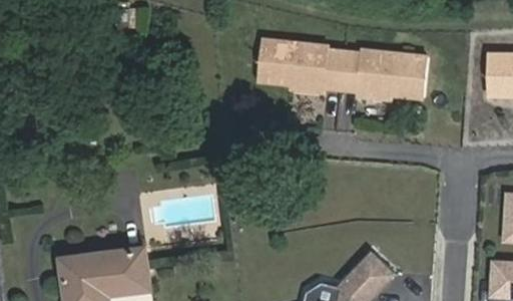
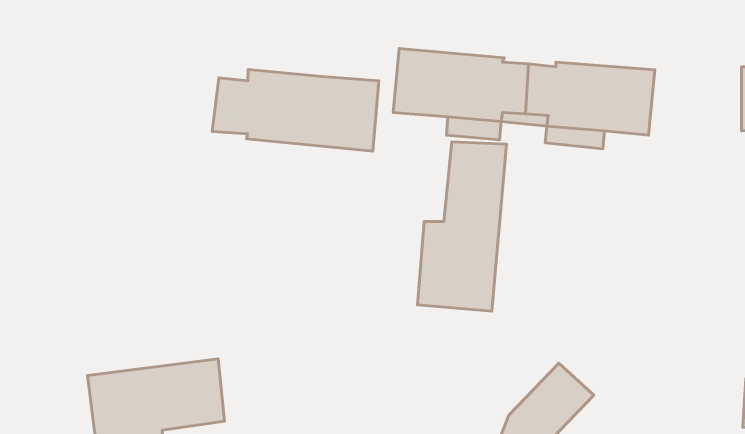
building: none -> [212,69,379,151]
building: none -> [417,142,506,311]

